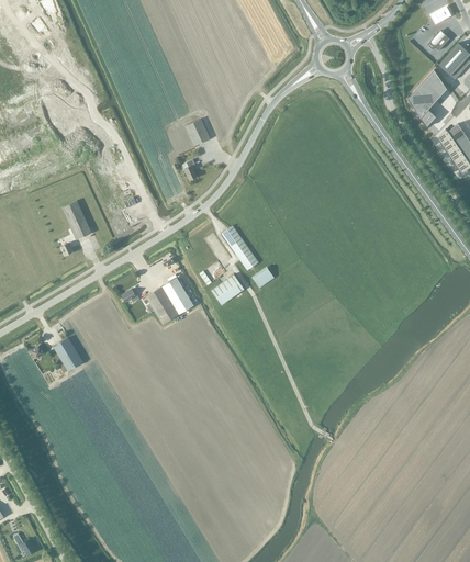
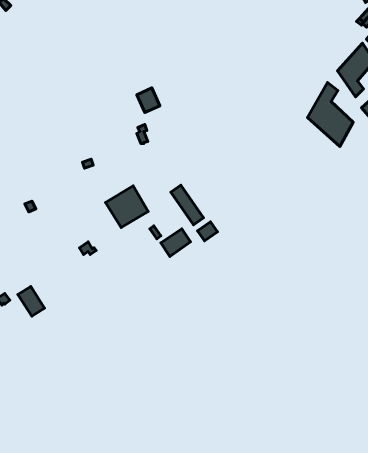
building: none -> [307,82,353,146]
building: [63,201,92,239] -> none
building: [146,278,193,324] -> [105,186,148,227]

